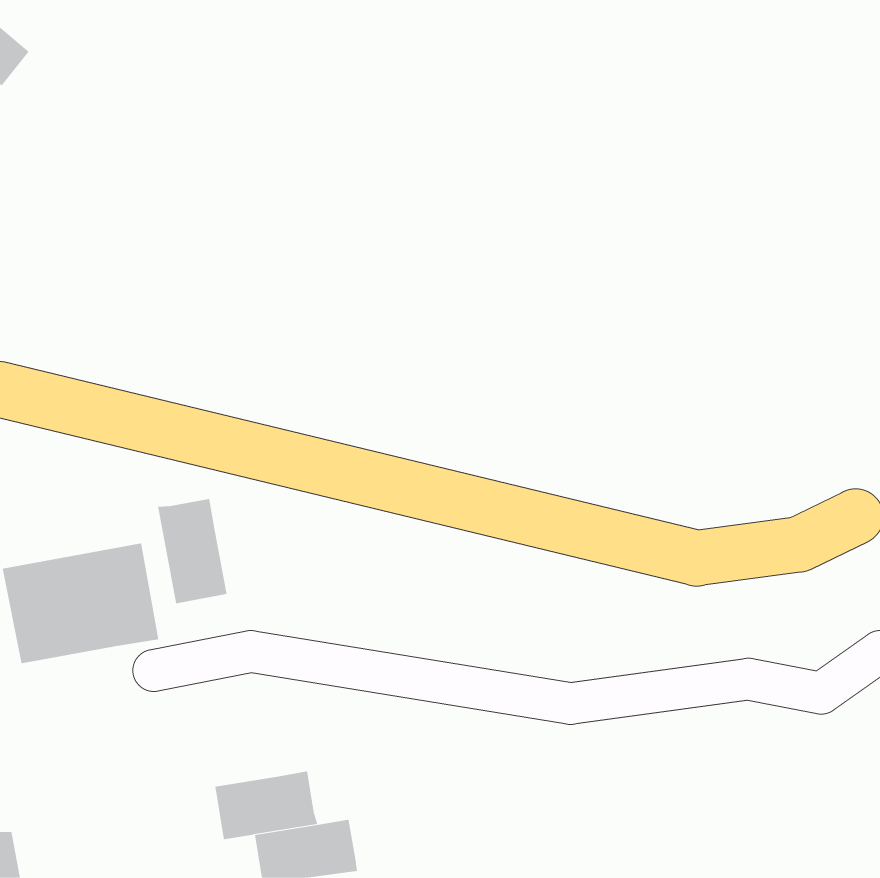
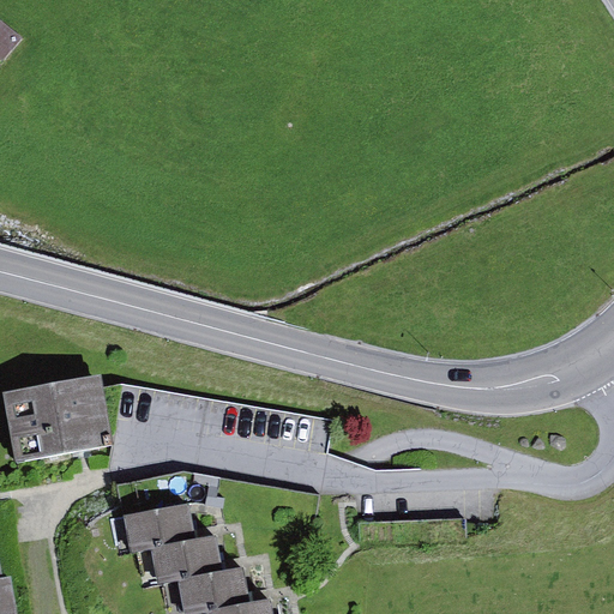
building: [158,498,227,604] -> none
building: none -> [122,502,193,550]

